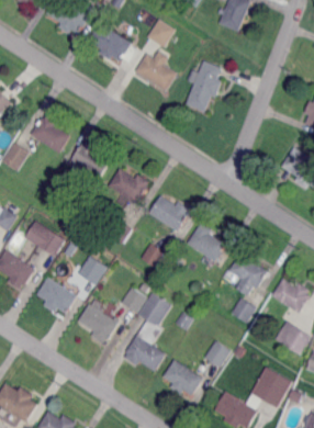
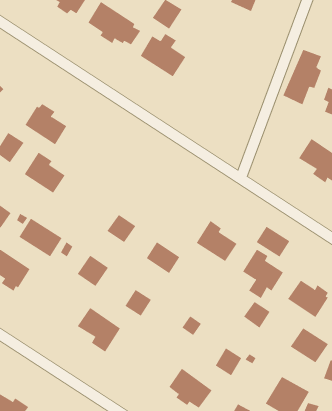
building: [184,61,221,113] -> [283,49,322,105]
building: [70,139,109,178] -> [24,152,65,193]
building: [108,168,148,204] -> none
building: [149,195,190,230] -> none
building: none -> [256,226,290,258]
building: [36,277,77,313] -> none
building: [137,292,171,326] -> none
building: [123,335,166,371] -> none

